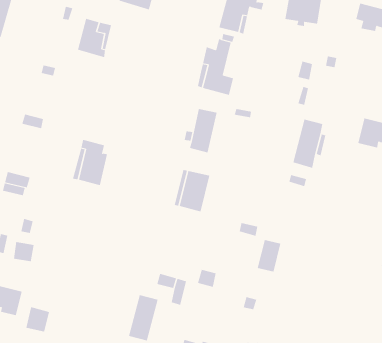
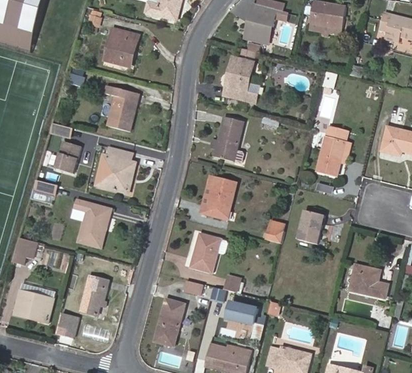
building: none -> [105,85,139,131]
building: none -> [55,141,81,173]
building: none -> [71,199,109,246]
building: none -> [191,234,221,272]
building: [257,240,281,272] -> [299,211,323,243]
building: none -> [350,265,388,298]
building: none -> [80,277,109,315]
building: none -> [222,299,254,323]

